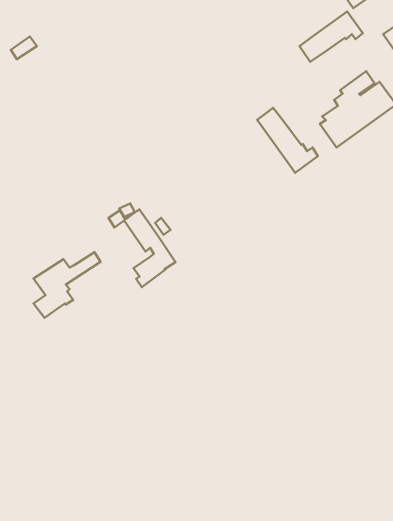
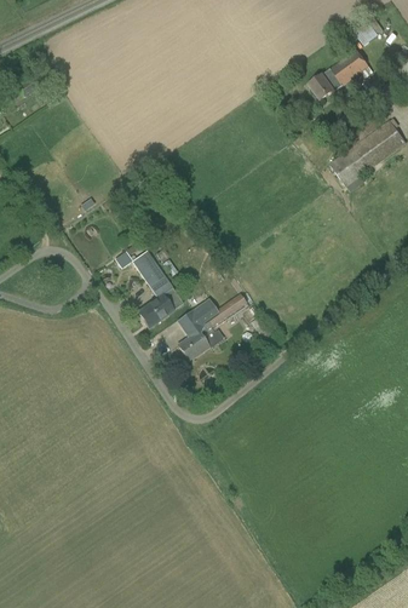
building: [257,108,318,173] -> none
building: [34,252,100,318] -> [178,293,246,360]

